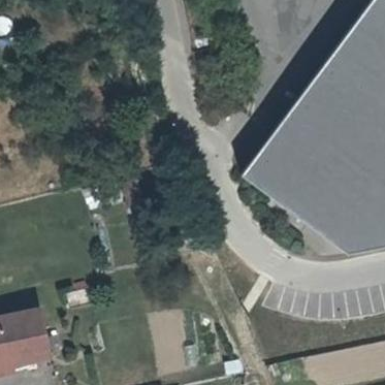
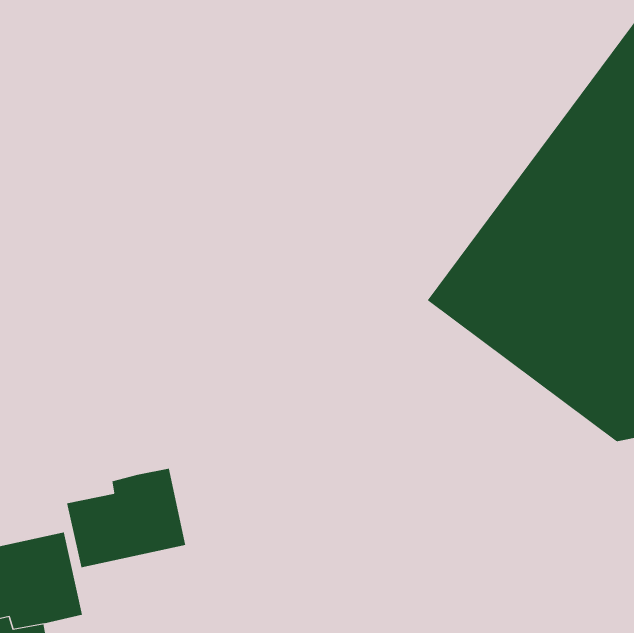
building: none -> [67,468,186,568]

